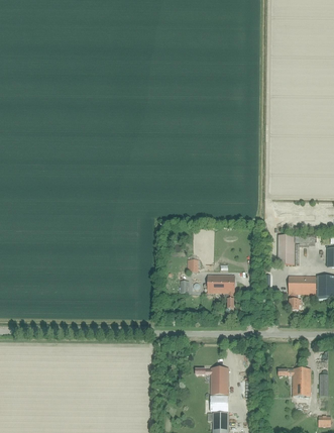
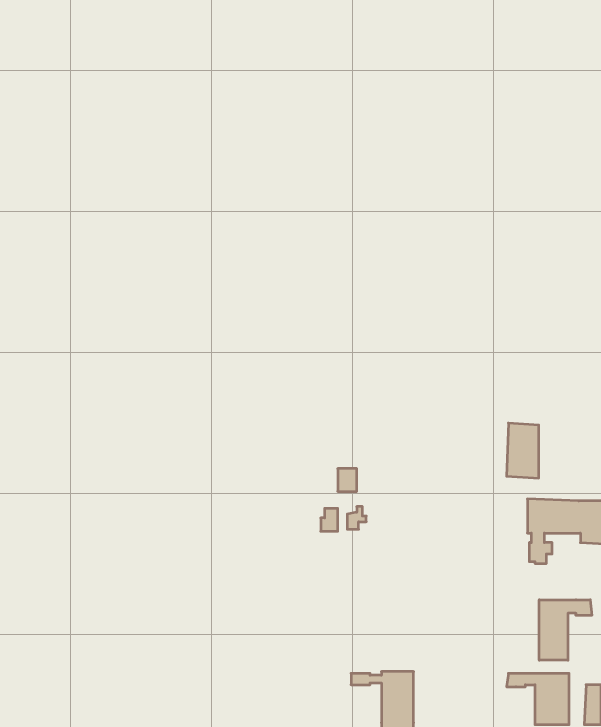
building: [207,274,234,307] -> none
building: none -> [539,600,592,660]

